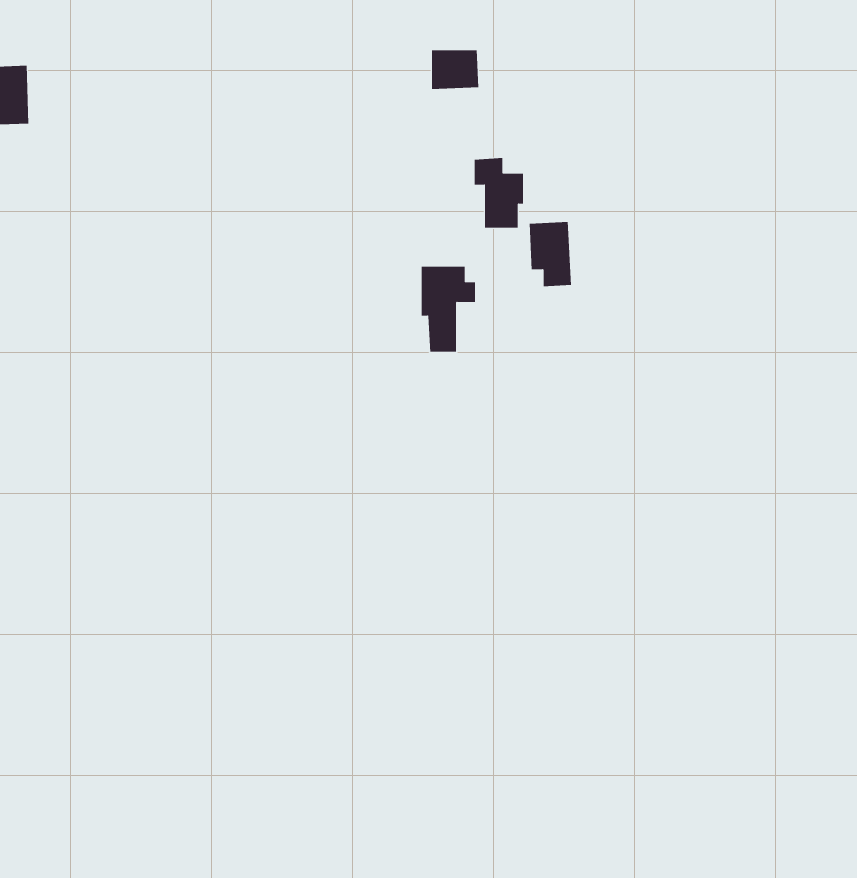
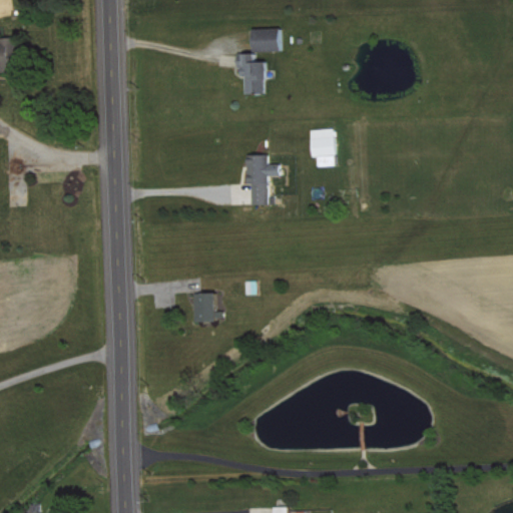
building: [474,158,524,228] -> [236,53,266,94]
building: none -> [192,293,214,322]

